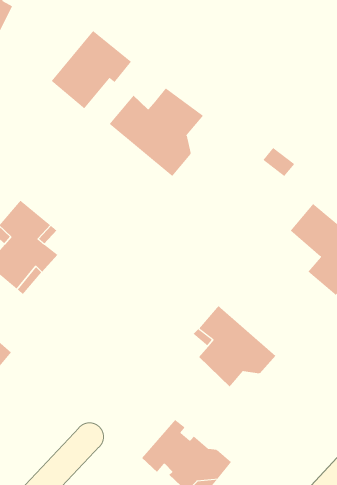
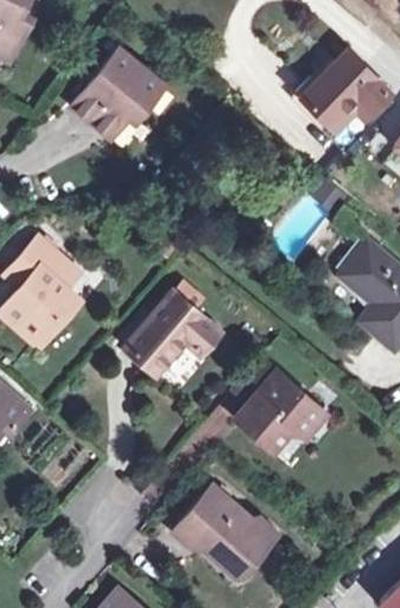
building: none -> [311,61,382,124]
building: [109,87,204,177] -> none
building: none -> [126,292,220,375]

